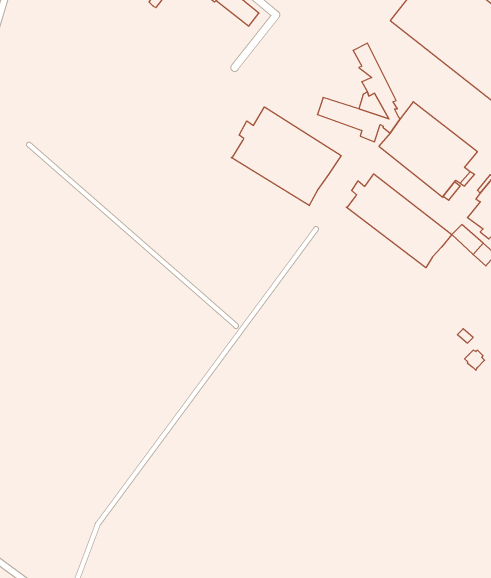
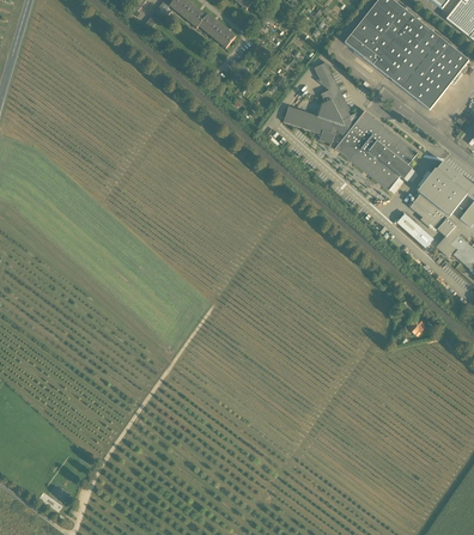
building: [231,107,341,206] -> none
building: [346,174,452,268] -> none

